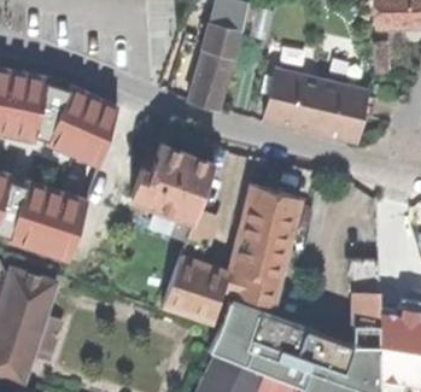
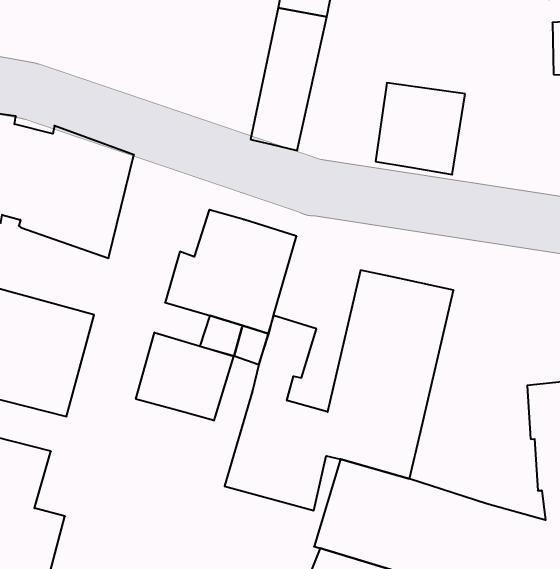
building: [310,82,367,141] -> none
building: none -> [136,332,233,421]

